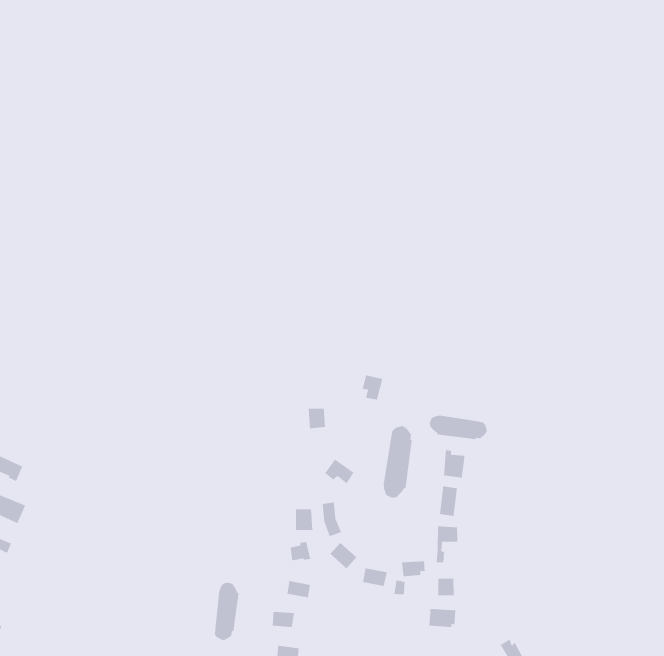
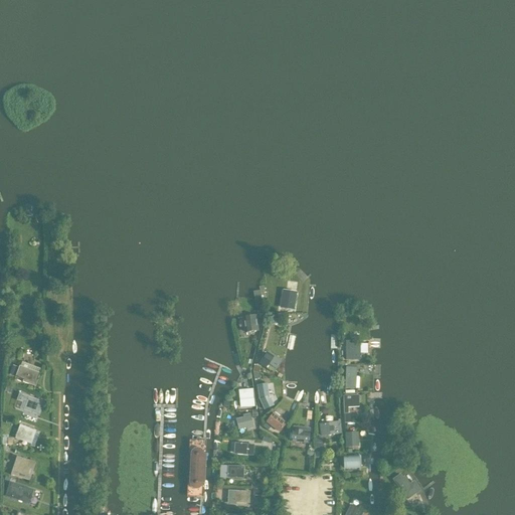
building: [429,415,488,440] -> none
building: [383,425,413,498] -> none

